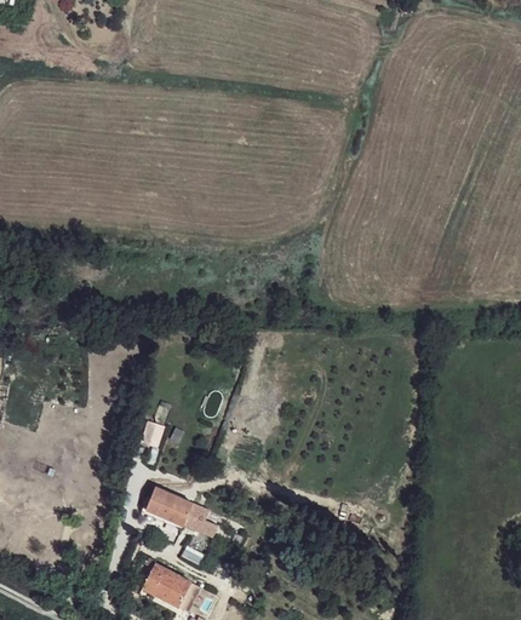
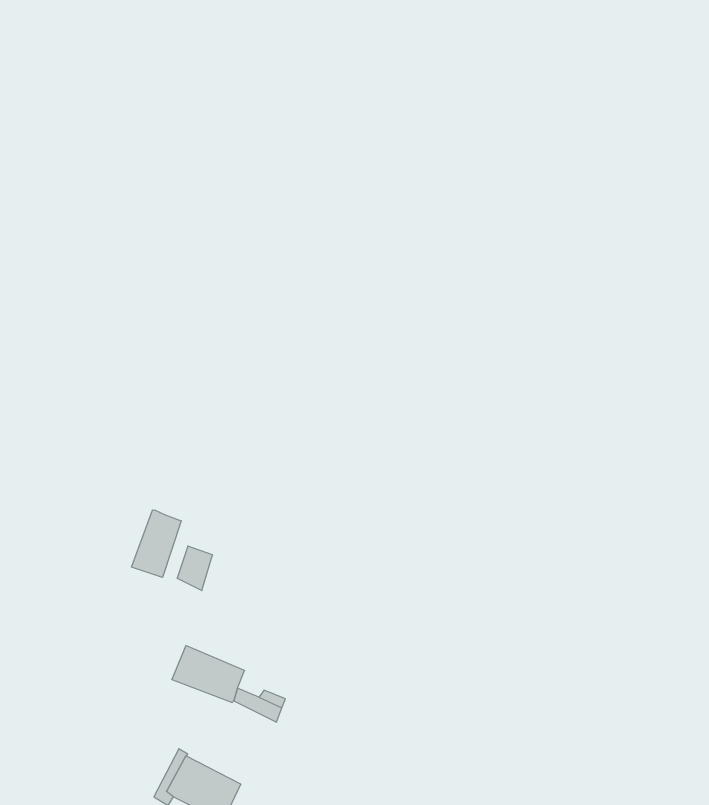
building: none -> [131,510,181,577]

